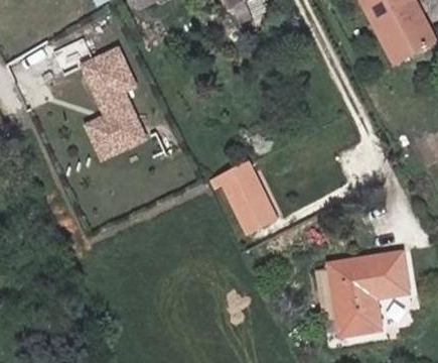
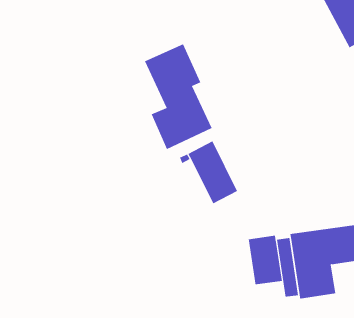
building: [76,43,149,158] -> [144,43,212,150]
building: none -> [248,235,282,285]

